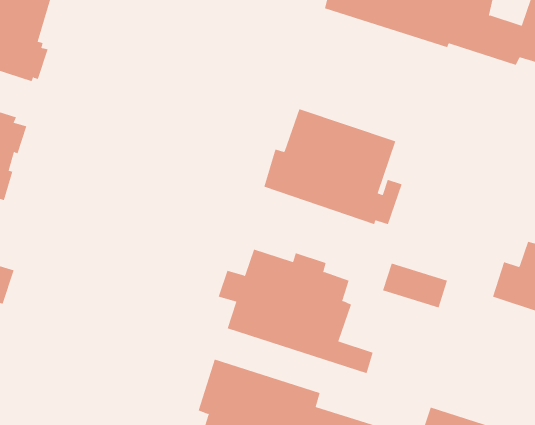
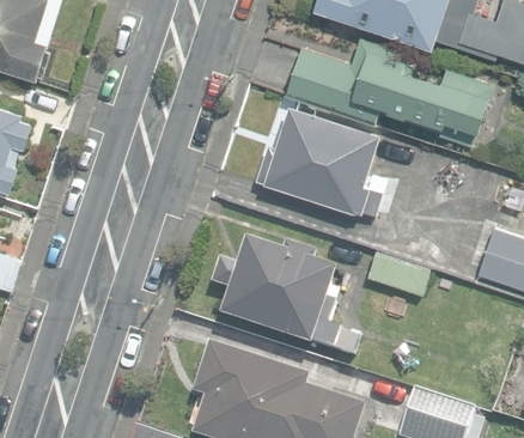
building: none -> [286,37,493,144]

